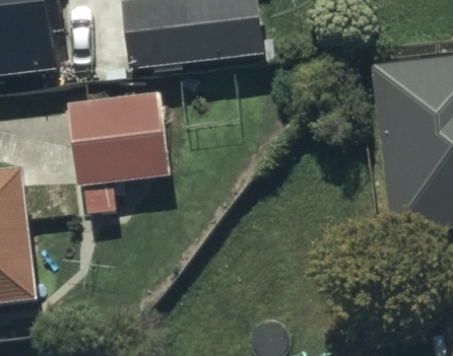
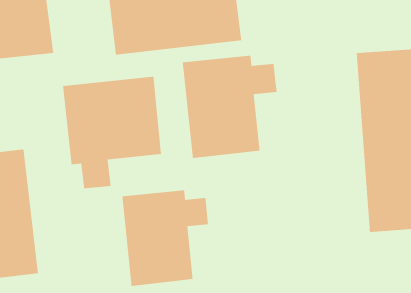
building: none -> [182,55,277,159]
building: none -> [121,189,209,287]

